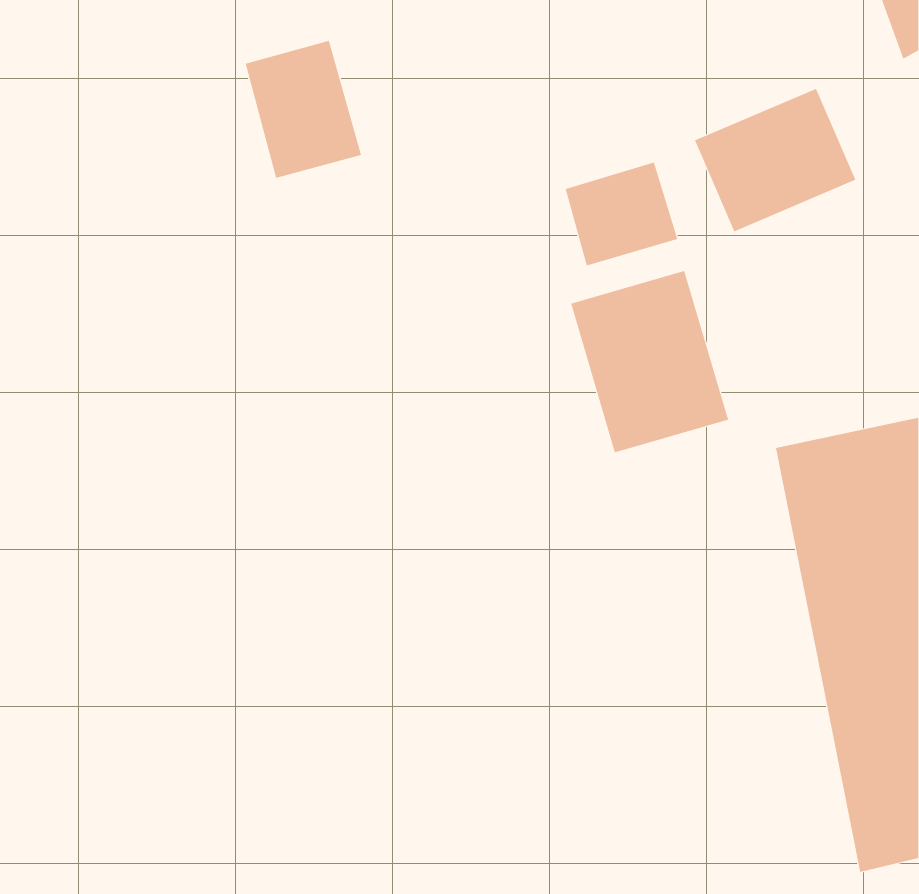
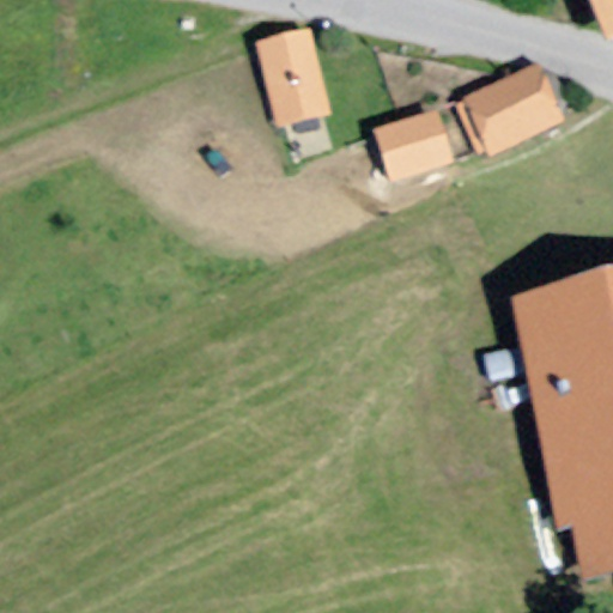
building: [245,40,362,179] -> [254,31,332,123]
building: [570,270,729,453] -> none

